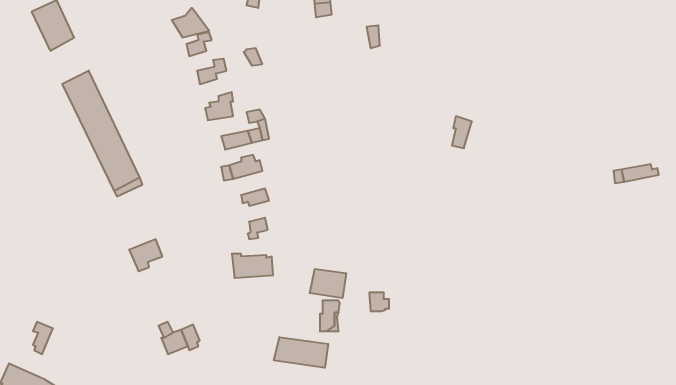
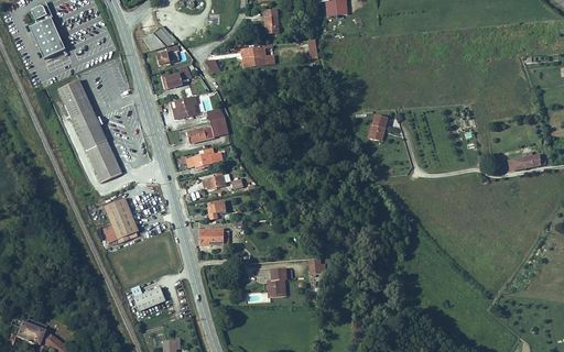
building: none -> [243,44,273,64]
building: none -> [102,198,132,224]
building: [310,269,346,298] -> none
building: [274,337,328,368] -> none

